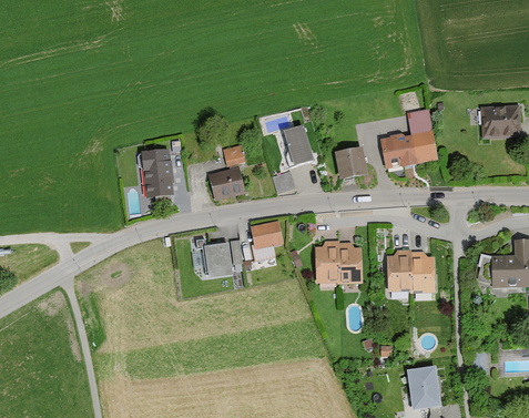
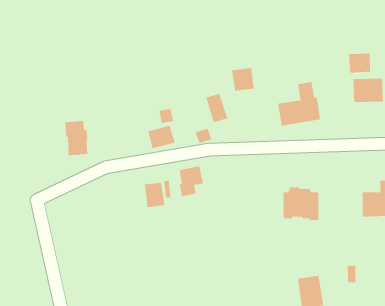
building: none -> [348,53,370,73]
building: [335,147,366,179] -> [231,68,255,91]
building: [142,150,173,196] -> [65,120,88,156]
building: [314,239,362,284] -> none

